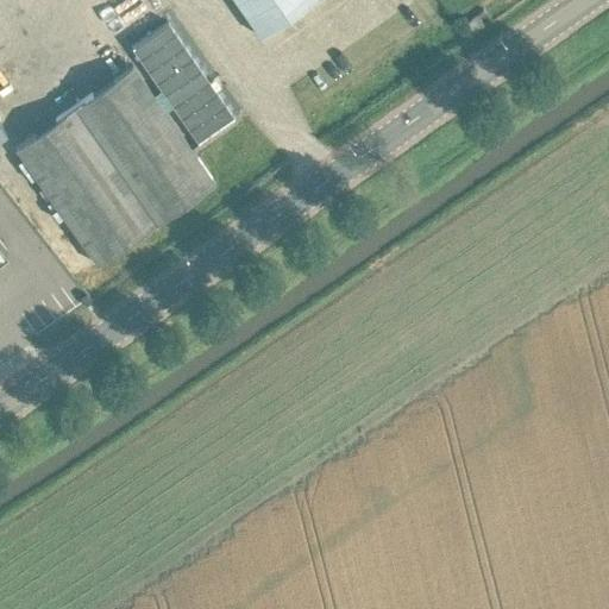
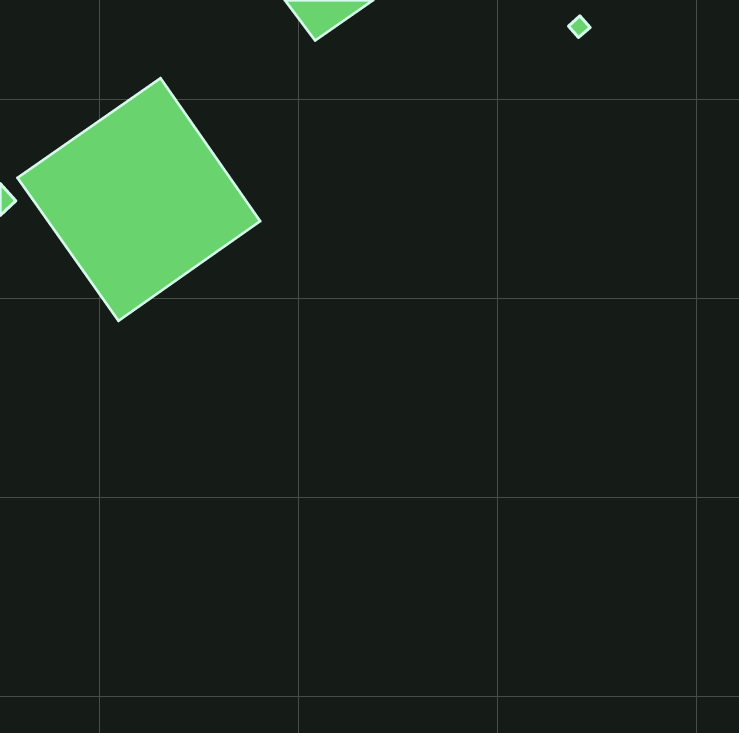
building: [134,27,236,146] -> none

